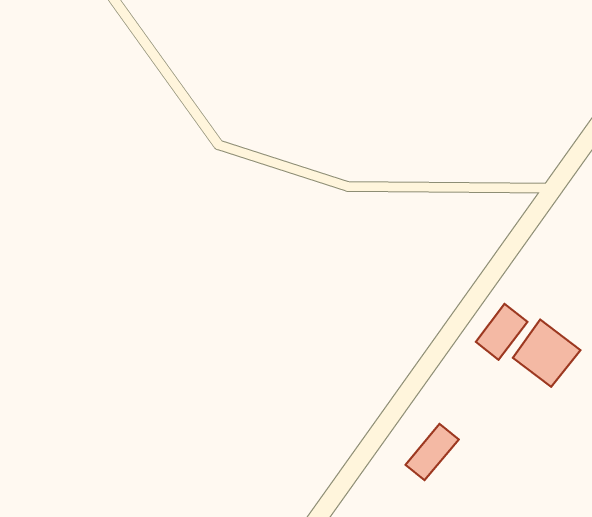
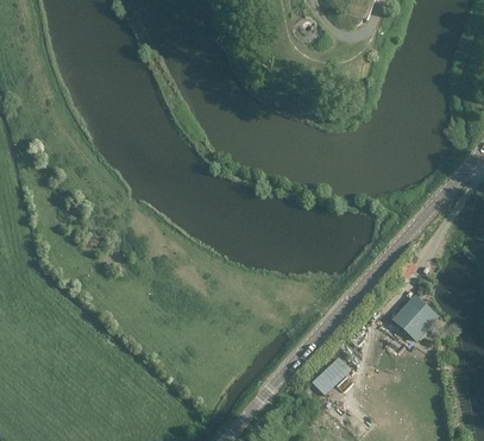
building: [476,304,527,360] -> none

